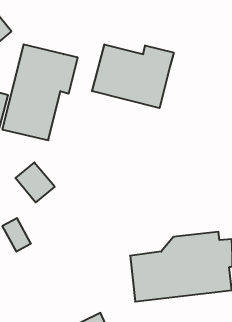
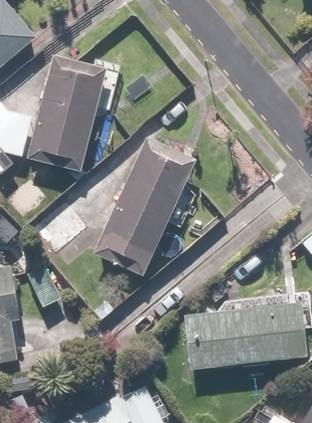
building: [92,44,174,108] -> none
building: none -> [92,136,196,276]

